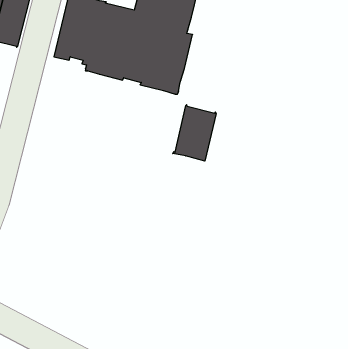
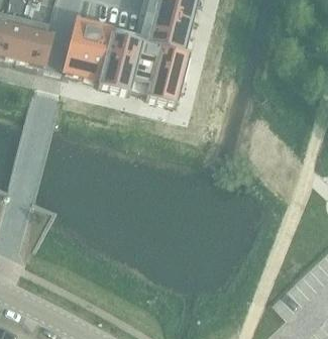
building: [173,105,216,161] -> none

